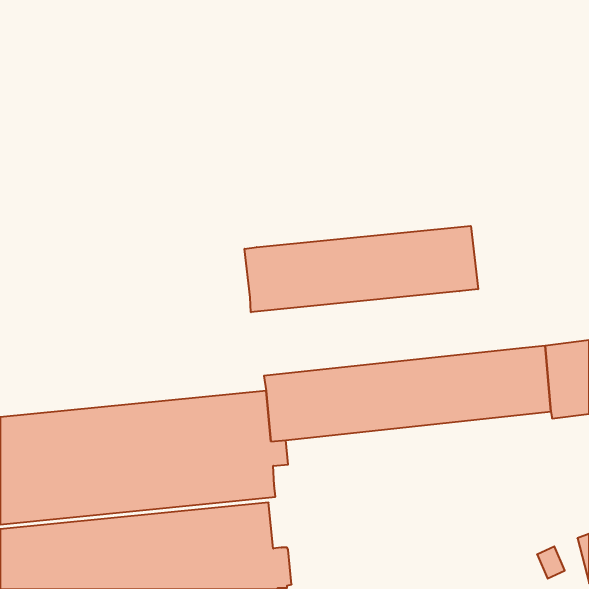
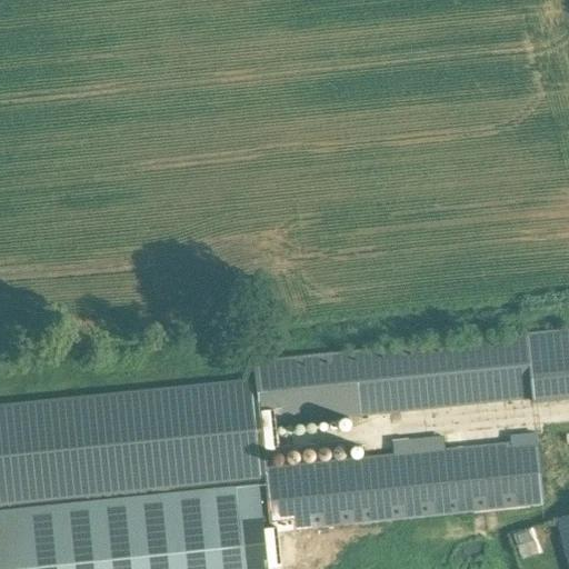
building: [245,226,478,312] -> none
building: none -> [264,432,541,530]

